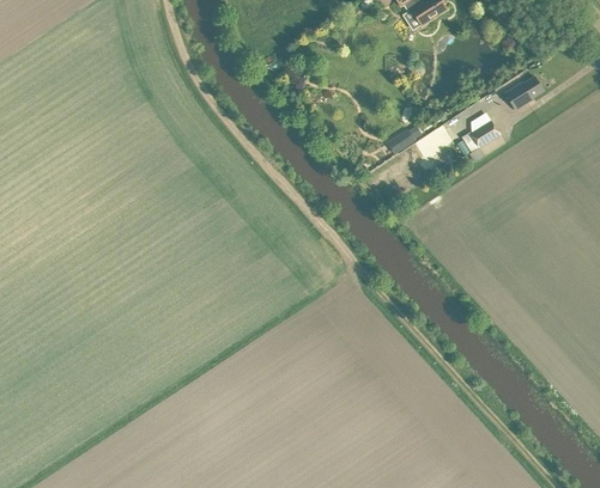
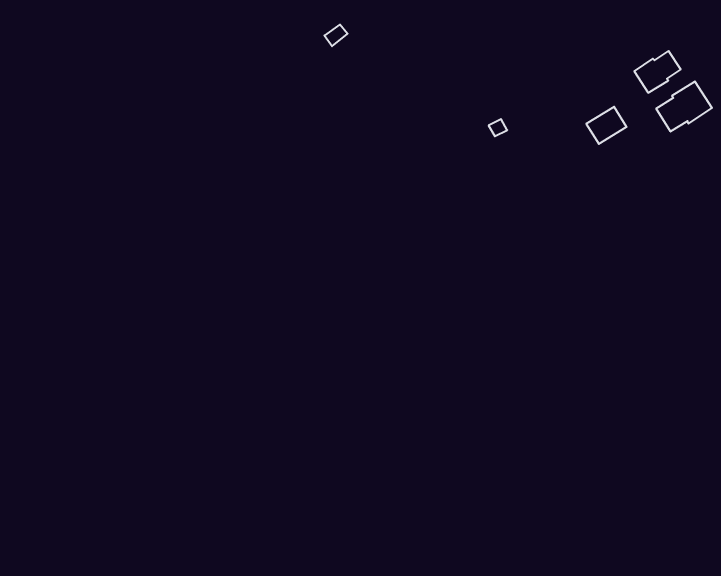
building: none -> [656,81,712,132]

